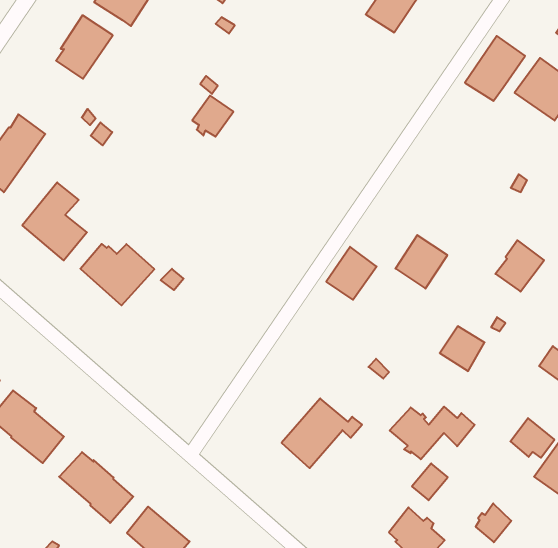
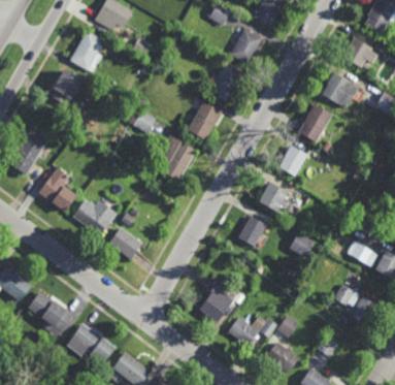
building: none -> [209,66,240,101]
building: [465,36,525,101] -> [298,104,332,142]
building: none -> [187,101,221,139]
building: none -> [160,136,196,182]
building: [495,240,544,292] -> [279,146,307,175]
building: [326,247,377,300] -> [238,216,267,247]
building: none -> [109,227,142,259]
building: [390,407,475,459] -> [229,315,278,347]

